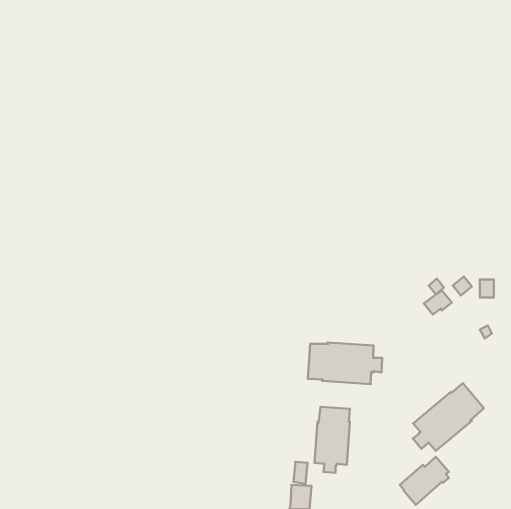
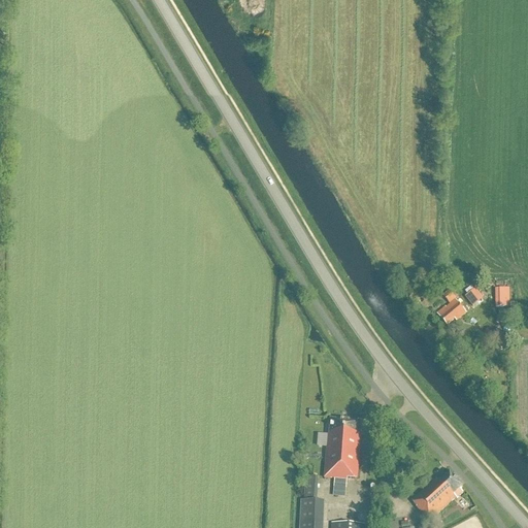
building: [308,343,382,384] -> none
building: [413,383,484,451] -> none

